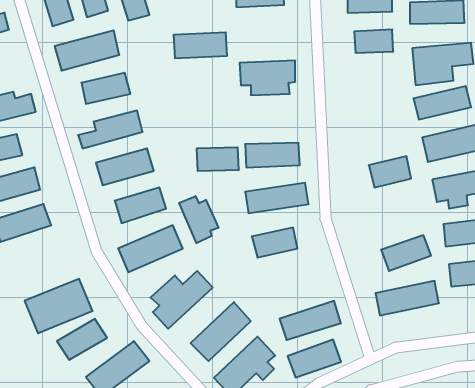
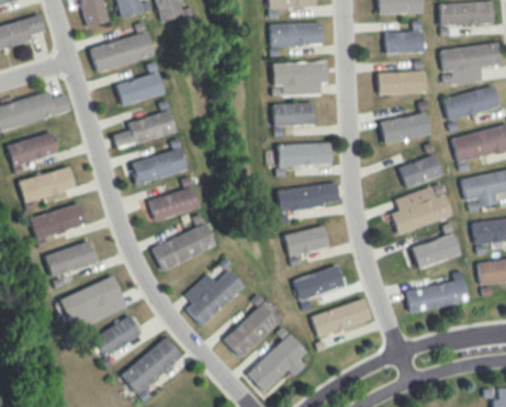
building: [174,32,227,58] -> [270,22,323,47]
building: none -> [379,71,426,94]
building: none -> [380,112,431,144]
building: [197,147,239,171] -> [273,103,315,126]
building: none -> [391,183,452,234]
building: [179,196,218,243] -> none
building: none -> [44,240,95,276]
building: [288,340,341,377] -> [293,264,346,302]

